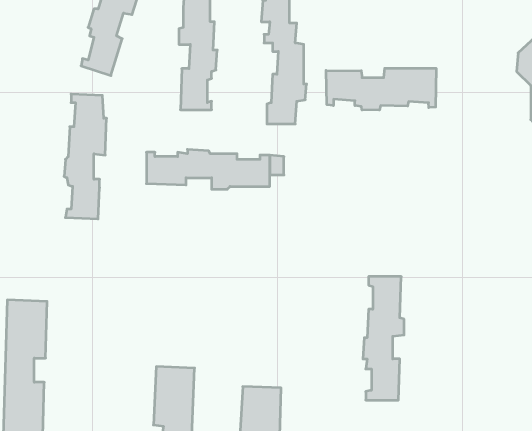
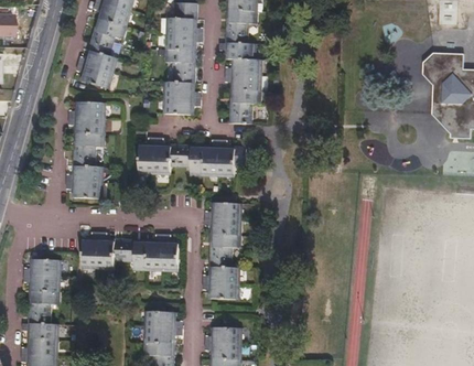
building: [326,68,436,110] -> none
building: none -> [79,237,174,269]
building: [363,277,404,400] -> [206,201,238,297]

